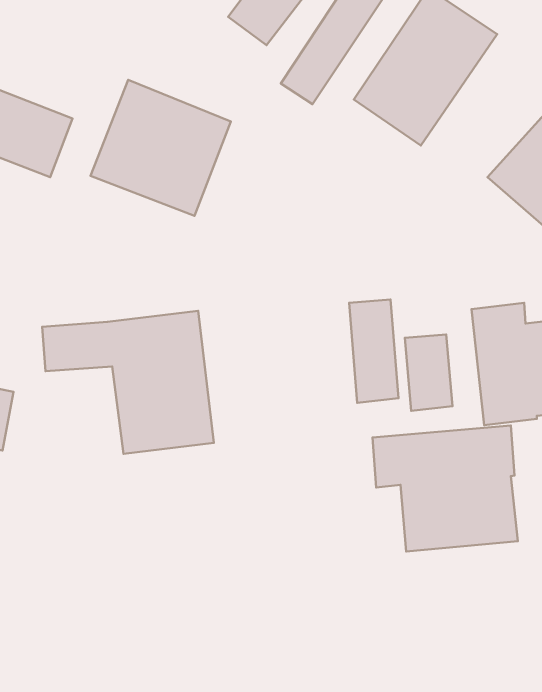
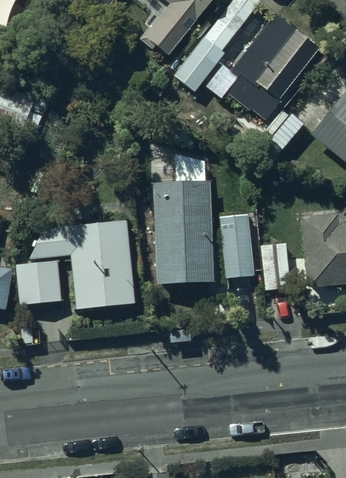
building: [90,80,231,216] -> none
building: none -> [156,182,215,286]
building: none -> [17,259,62,304]
building: [372,425,518,551] -> none

